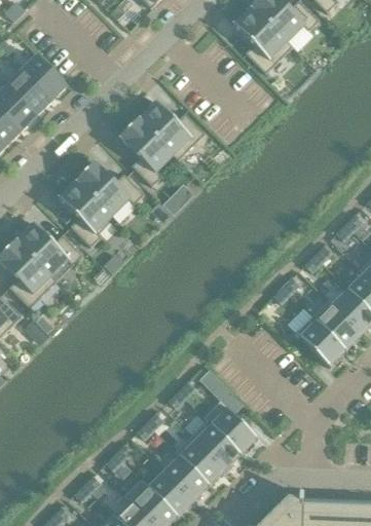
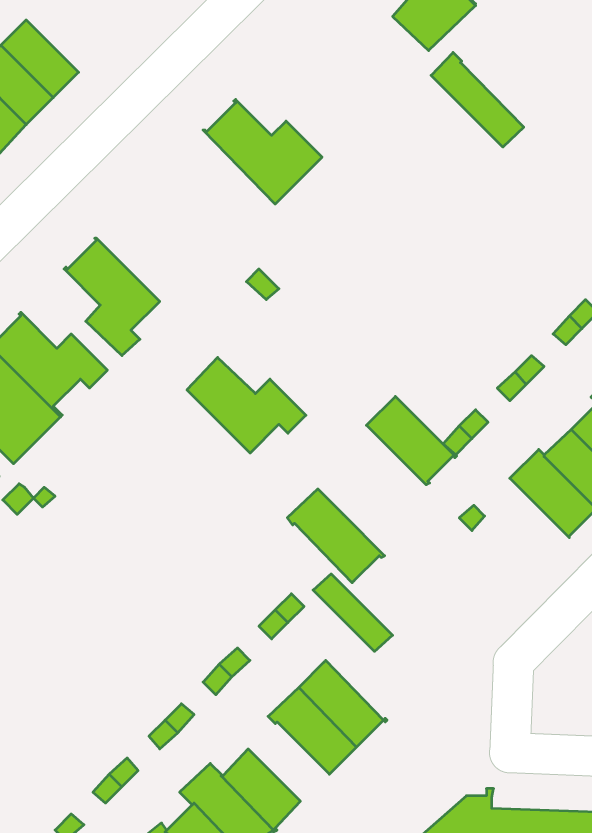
building: none -> [431,52,524,147]
building: [119,118,178,186] -> none
building: [76,161,144,216] -> [187,357,306,453]
building: [295,316,346,367] -> [366,396,457,485]
building: [202,401,258,454] -> [287,489,385,583]
building: [162,455,210,500] -> none

